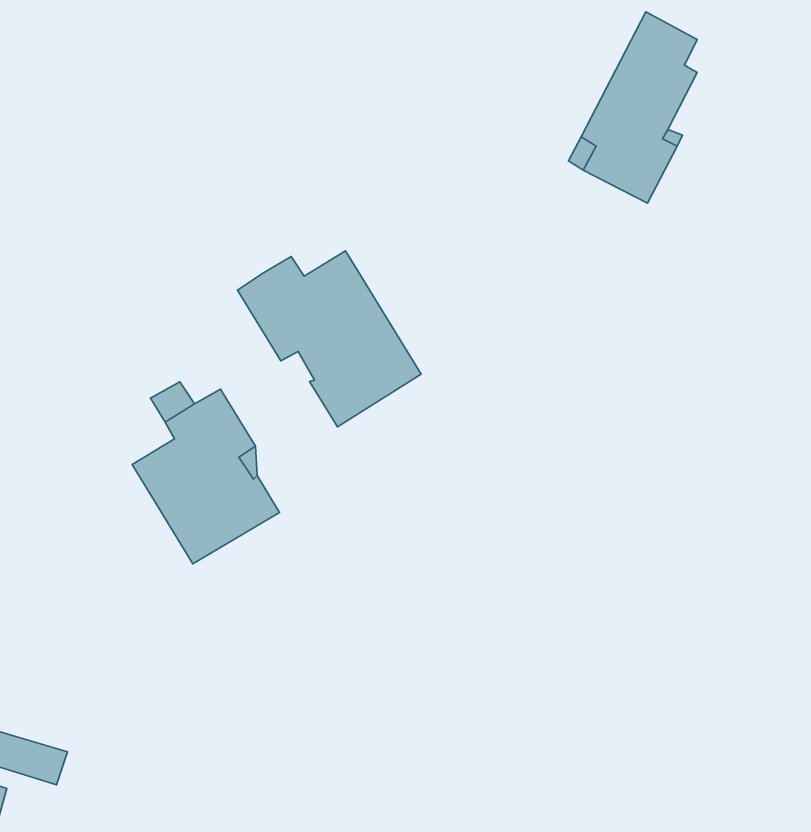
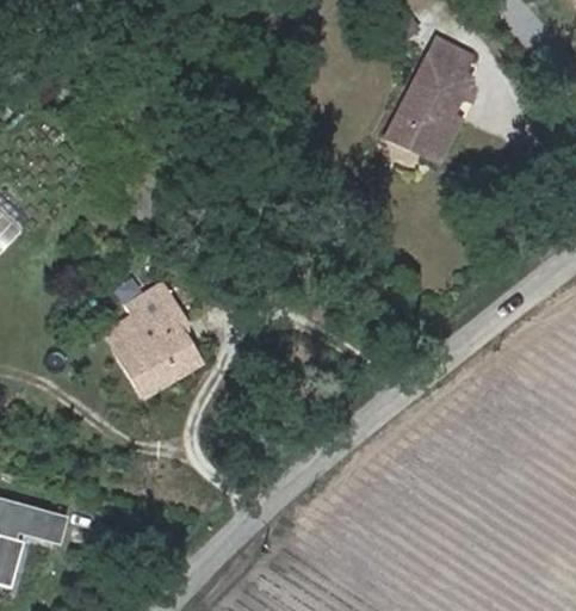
building: [238,251,421,427] -> none

